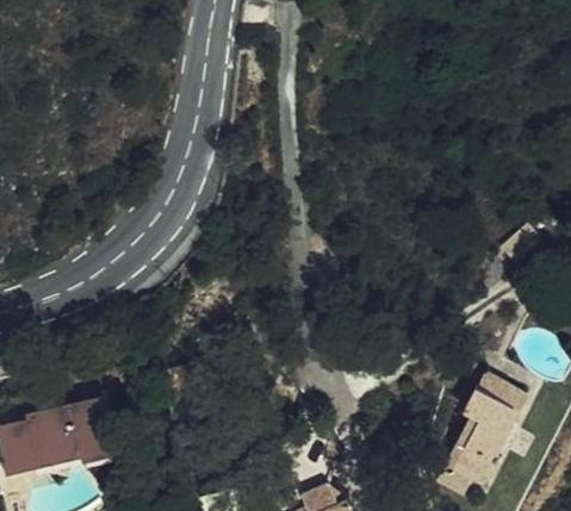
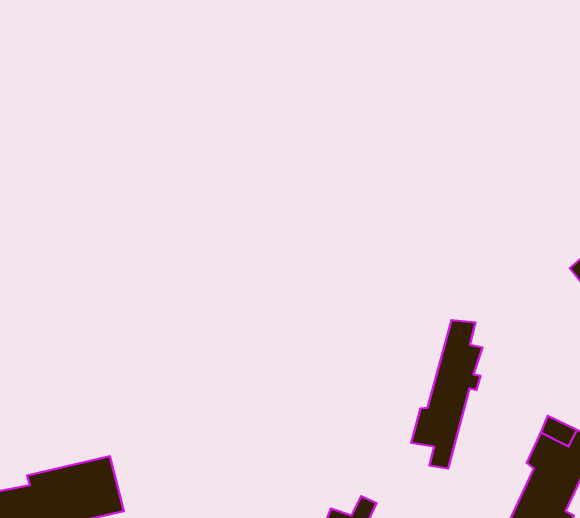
building: none -> [411,320,482,469]

